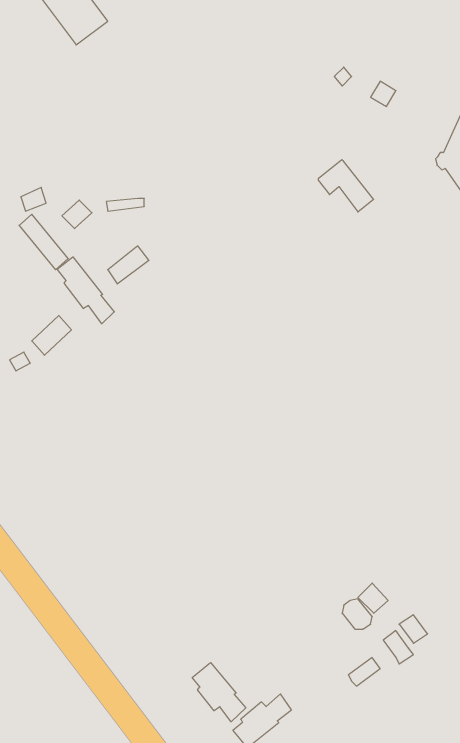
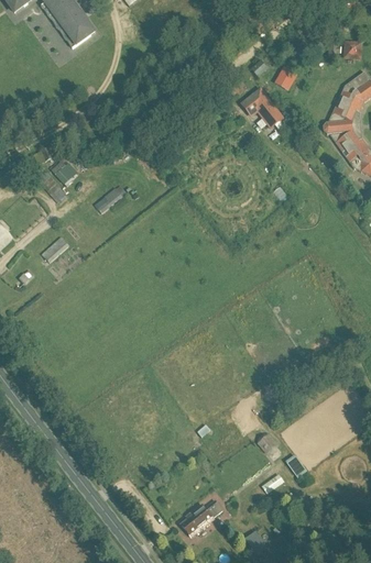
building: [318,160,374,212] -> [243,89,282,125]
building: [57,257,114,324] -> none
building: [192,663,246,722] -> none

